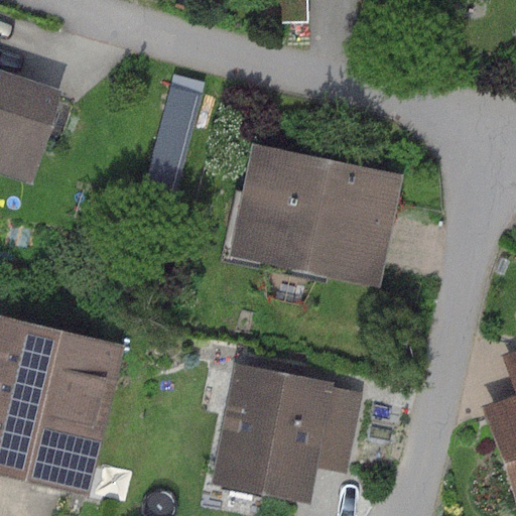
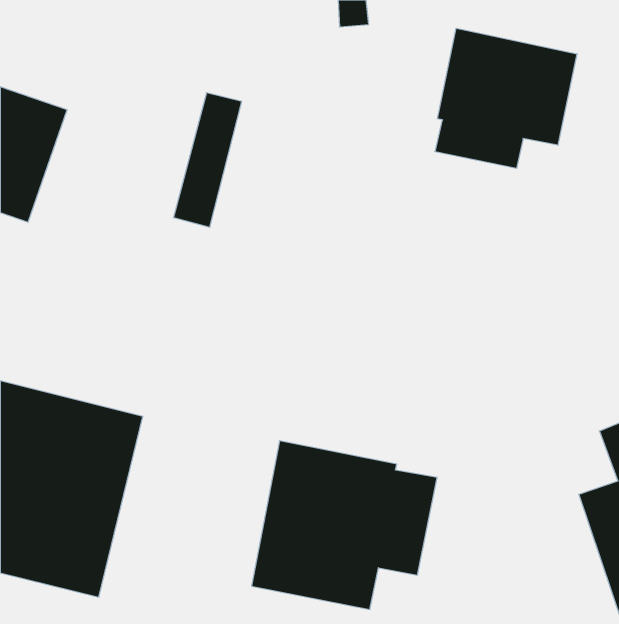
building: none -> [435,28,577,168]
building: [227,143,399,285] -> none

